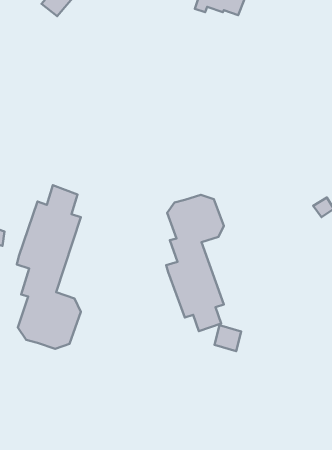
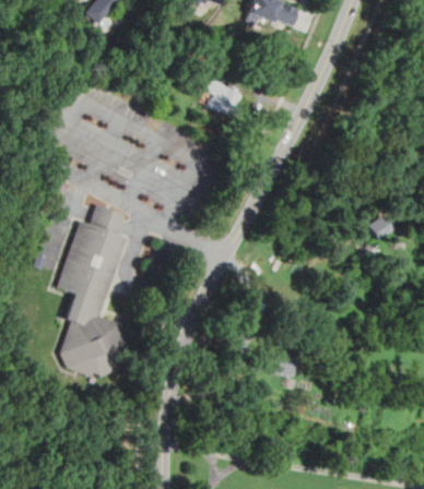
building: none -> [207,79,243,120]
building: [166,195,224,331] -> none

